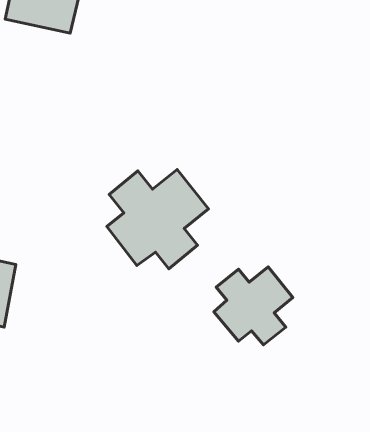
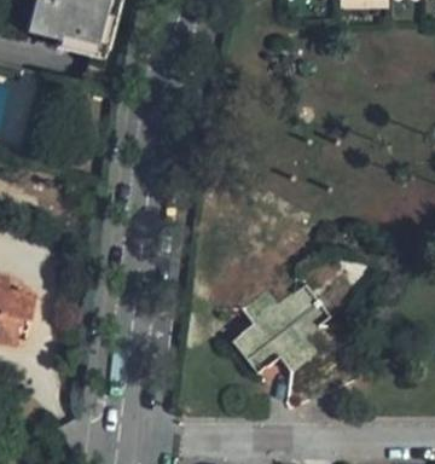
building: [107,170,209,269] -> none

